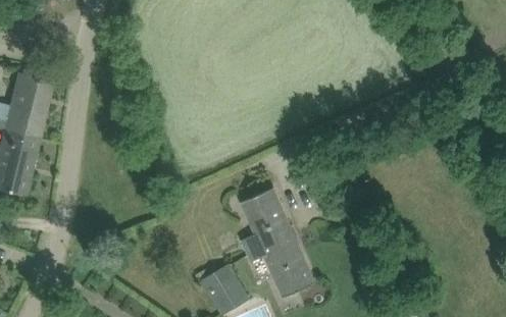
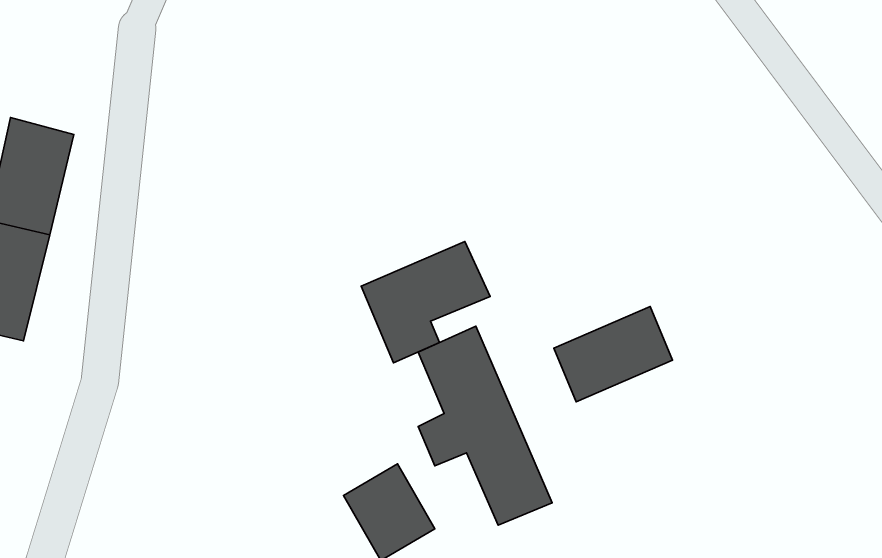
building: none -> [361,241,490,363]
building: none -> [554,306,673,402]

